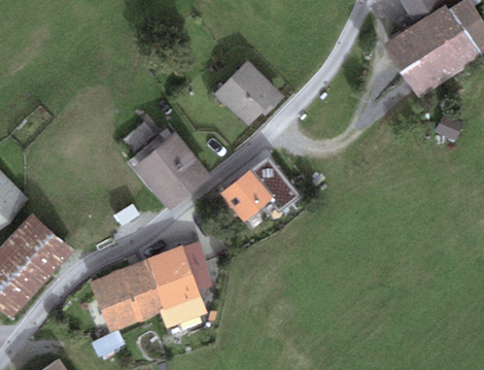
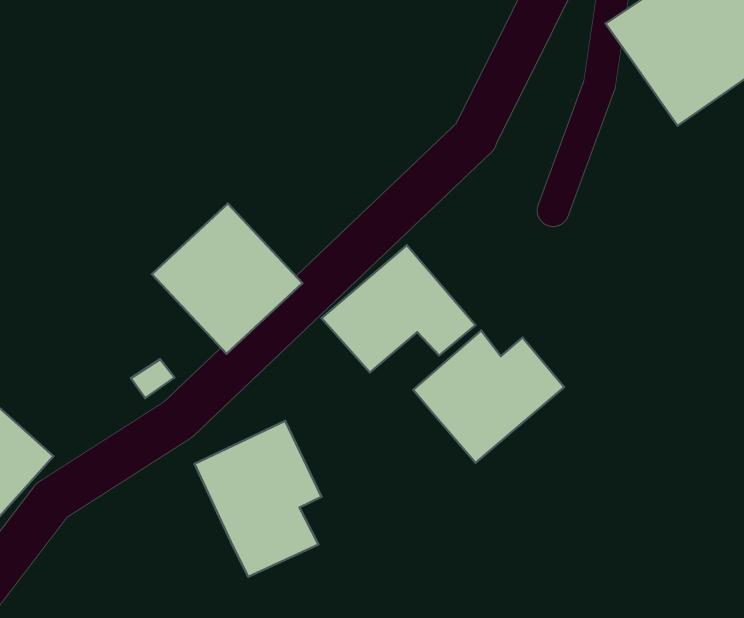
building: [211,57,281,124] -> none
building: none -> [413,331,564,463]
building: [93,265,162,329] -> none

